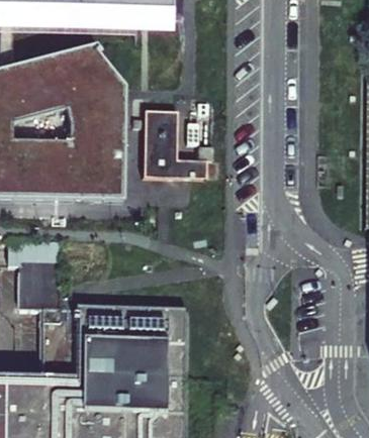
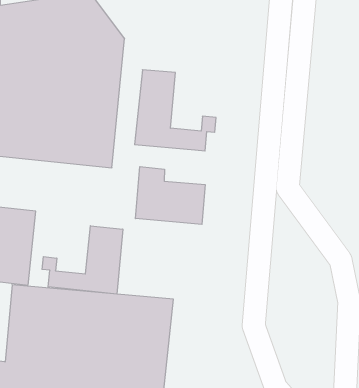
building: none -> [135,167,205,224]
building: none -> [42,226,123,294]

